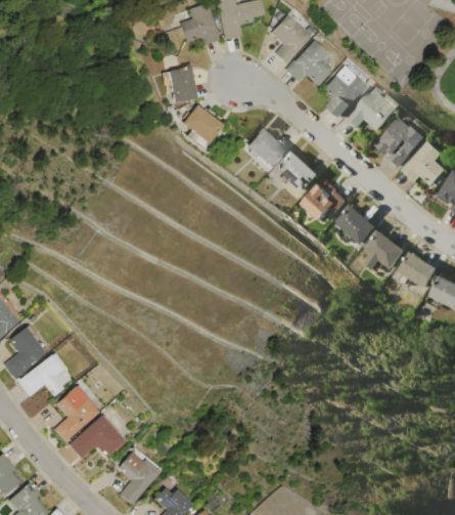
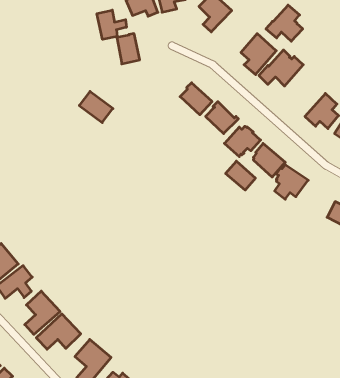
building: none -> [97,10,126,39]
building: [285,40,331,85] -> [266,5,303,41]
building: [183,105,225,144] -> [79,91,113,123]
building: [375,118,425,166] -> none
building: none -> [226,161,255,190]
building: [396,251,439,288] -> none

